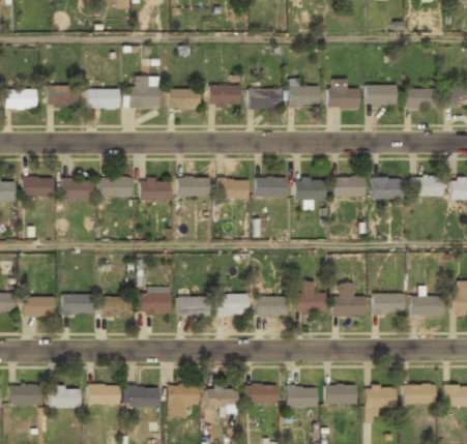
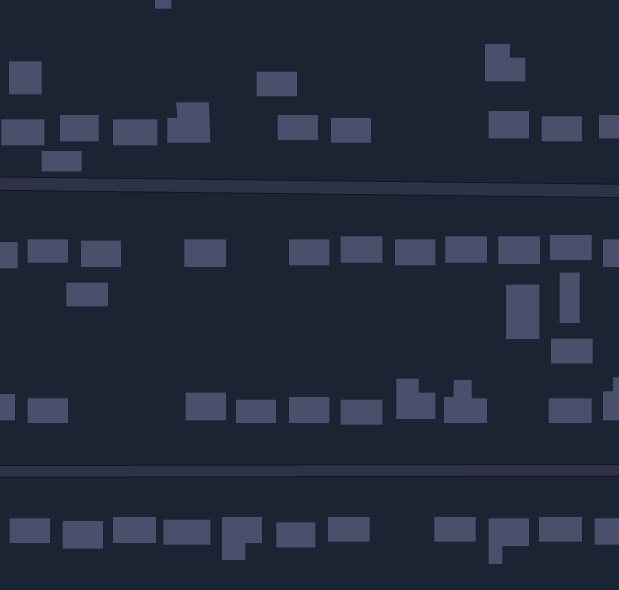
building: none -> [8,61,43,95]
building: [327,78,358,107] -> [484,43,526,82]
building: [288,80,319,106] -> none
building: [168,89,199,109] -> [256,71,298,97]
building: none -> [41,150,82,172]
building: [176,177,209,197] -> none
building: [99,178,132,197] -> [65,282,109,307]
building: none -> [559,272,580,324]
building: none -> [505,284,540,340]
building: [62,294,93,314] -> none
building: [372,294,404,314] -> [550,338,593,364]
building: [99,295,132,316] -> none
building: [285,385,317,406] -> none

